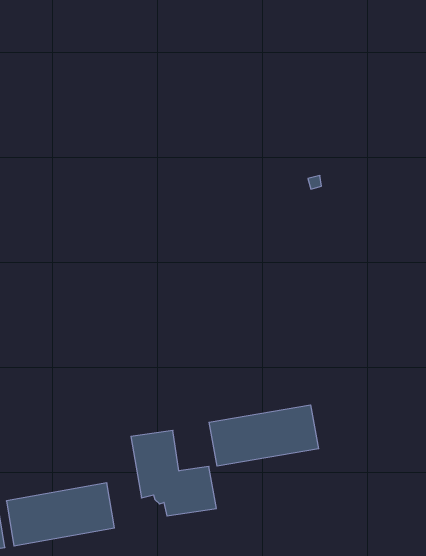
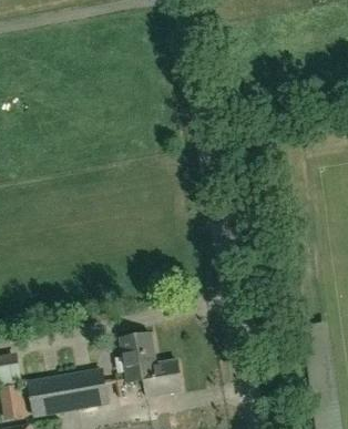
building: [209,405,319,466] -> none

